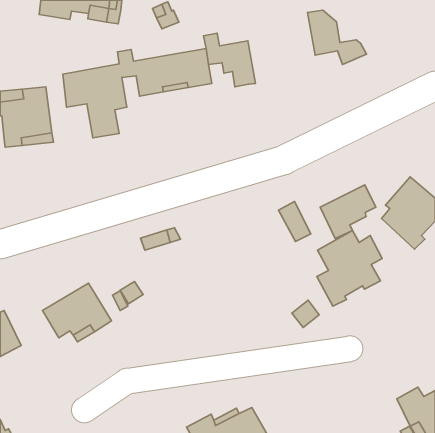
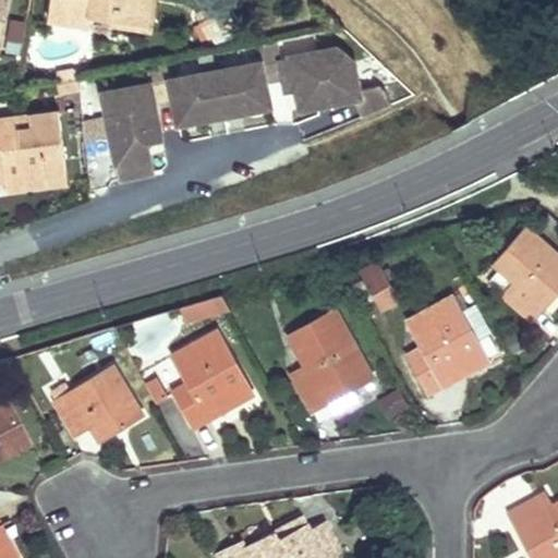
building: [308,10,366,64] -> [317,51,392,121]
building: [320,185,376,238] -> none
building: none -> [289,311,373,412]
building: none -> [172,331,253,428]

